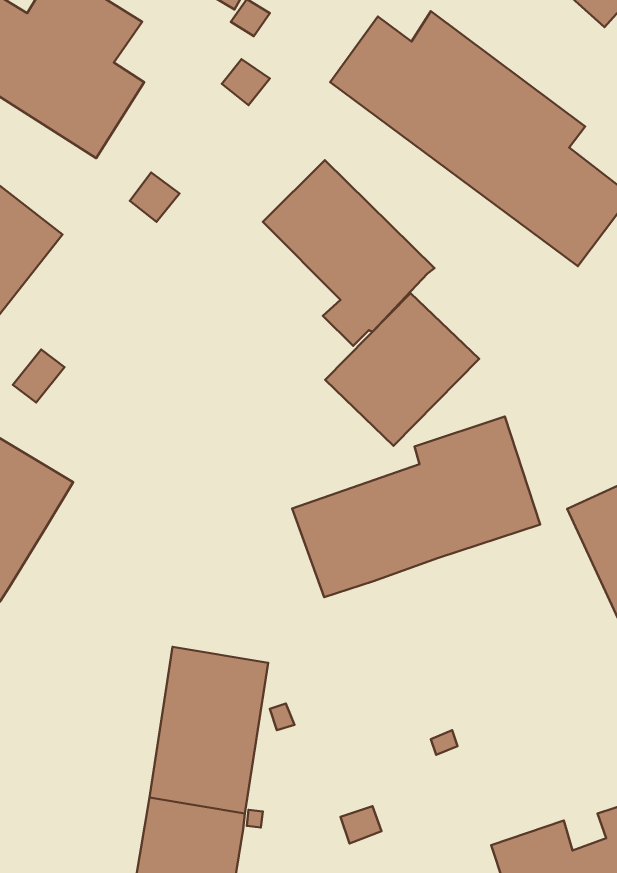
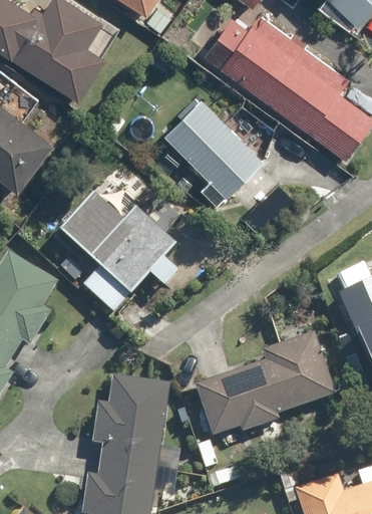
building: [325,293,479,446] -> none
building: none -> [63,196,177,312]
building: [292,416,540,597] -> [196,332,336,435]

